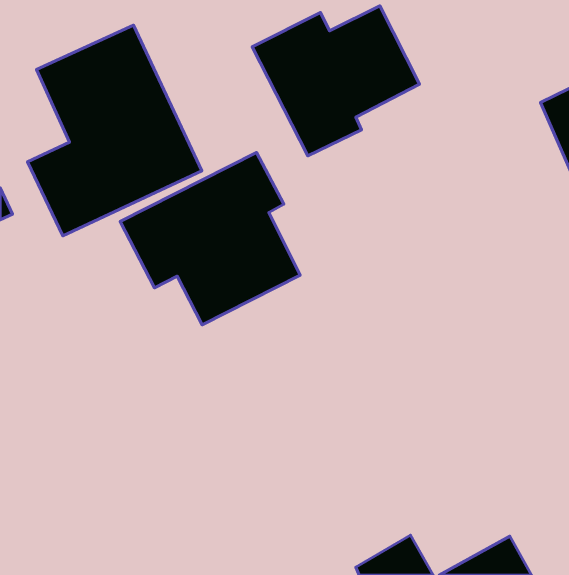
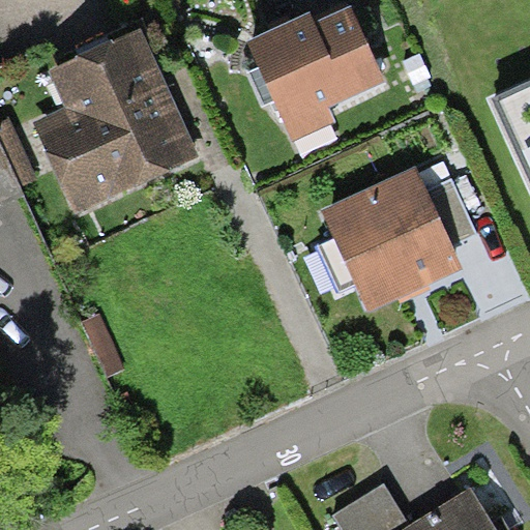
building: [120,153,300,325] -> none
building: none -> [317,168,483,319]

